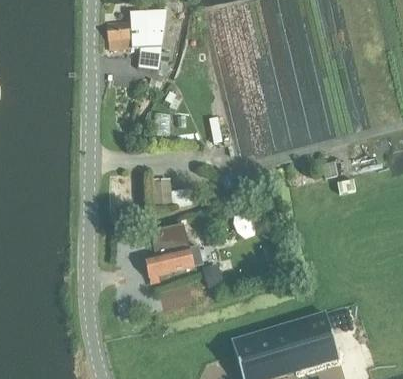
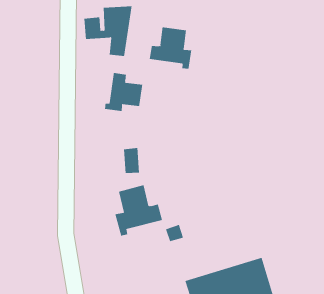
building: none -> [149,27,192,70]
building: none -> [104,72,143,112]

